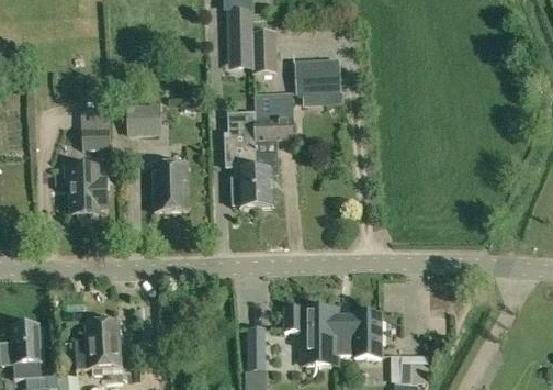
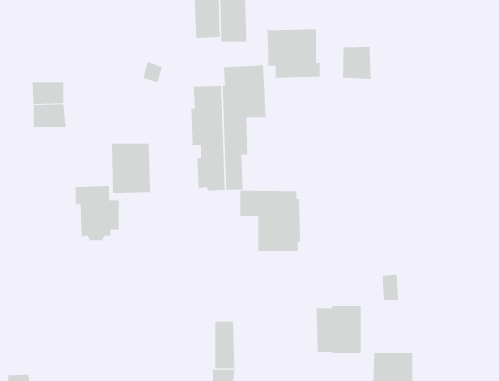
building: none -> [343,46,371,80]
building: [126,103,161,134] -> none
building: [66,166,106,216] -> [75,186,119,241]
building: [284,307,340,363] -> [240,190,301,251]
building: [74,320,122,374] -> none

